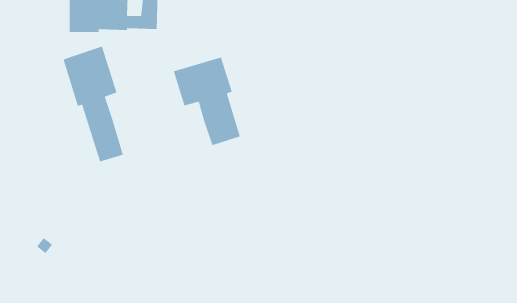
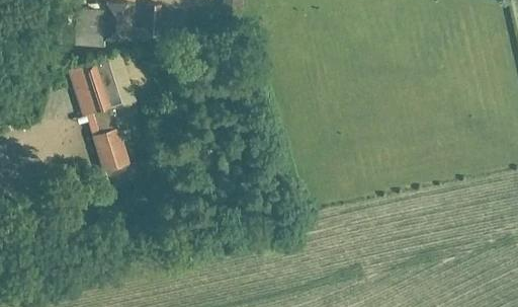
building: [173,57,241,146] -> none

